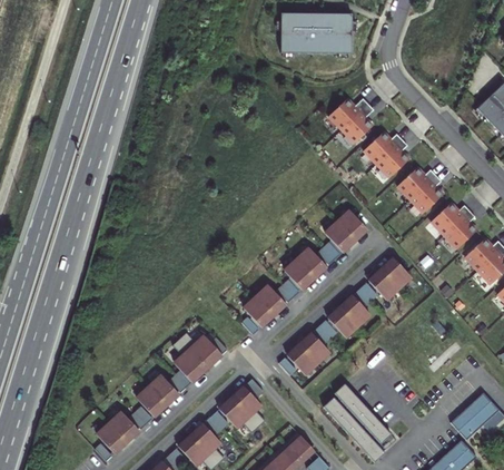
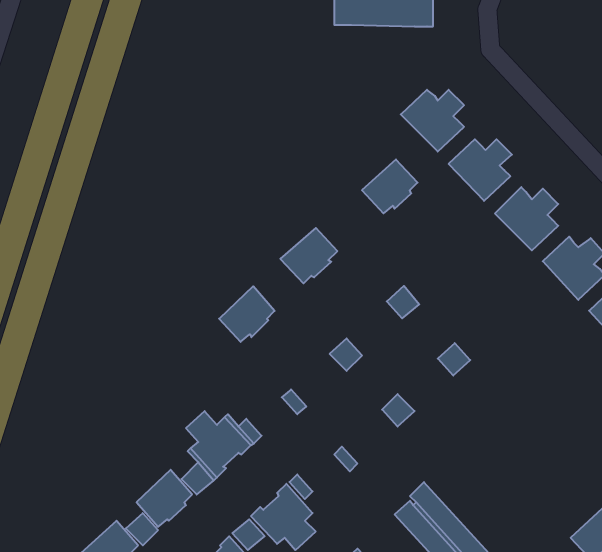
building: [325,210,365,249] -> [362,159,418,213]
building: [284,247,325,287] -> [280,228,337,283]
building: [369,258,411,298] -> none
building: [244,284,284,324] -> [219,286,275,342]
building: [328,296,369,336] -> none
building: [288,333,329,373] -> none

